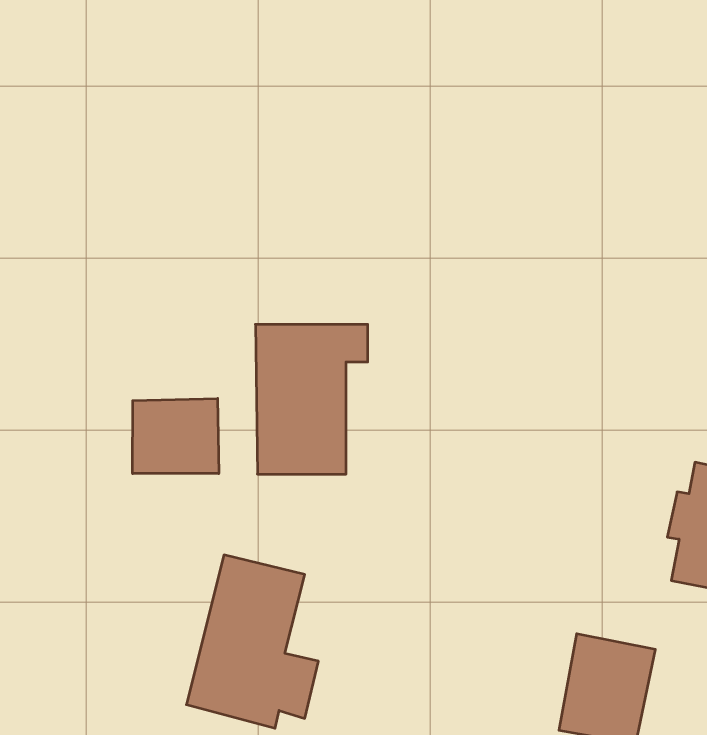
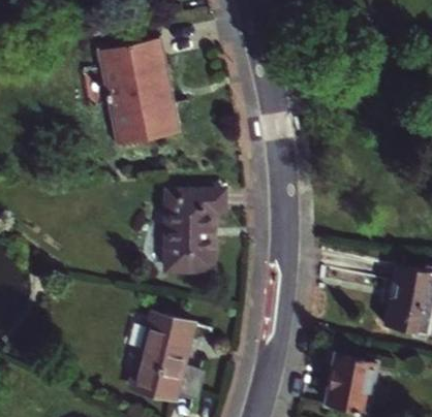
building: none -> [100,37,177,146]
building: [133,398,219,474] -> none

